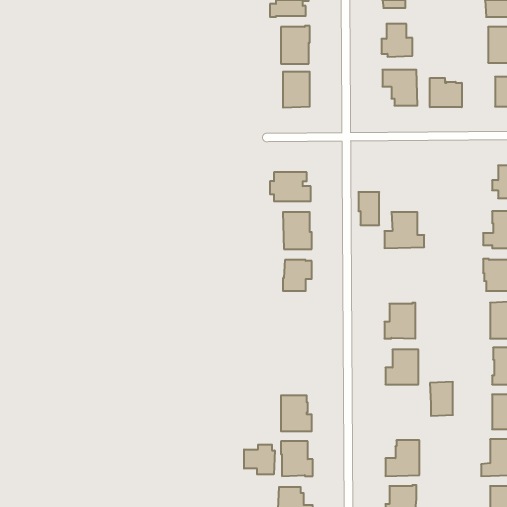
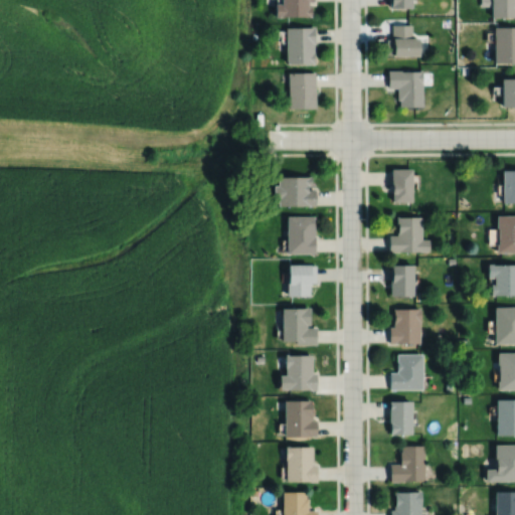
building: [430,78,462,107] -> none
building: [358,192,379,225] -> [392,168,413,201]
building: none -> [392,265,415,296]
building: none -> [283,308,318,345]
building: none -> [281,355,317,390]
building: [430,382,453,416] -> [390,401,413,436]
building: [244,445,275,474] -> none

